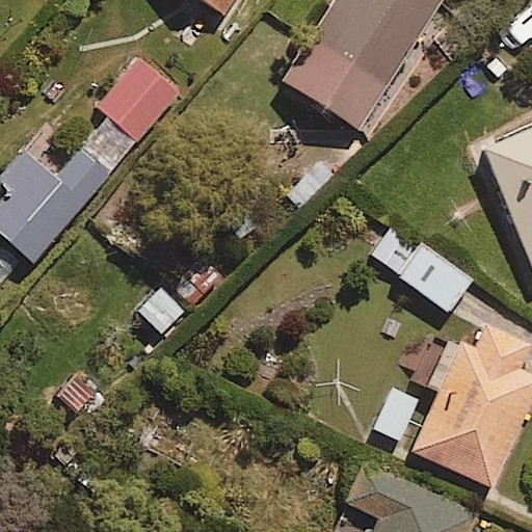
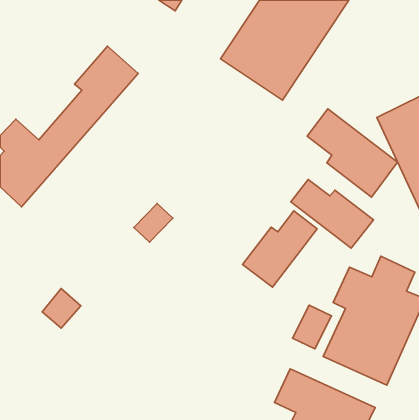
building: none -> [307,109,397,197]
building: none -> [242,211,317,287]

